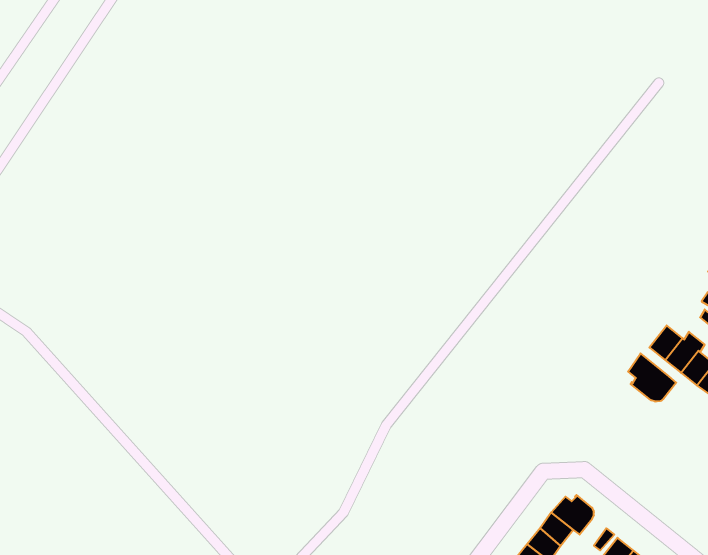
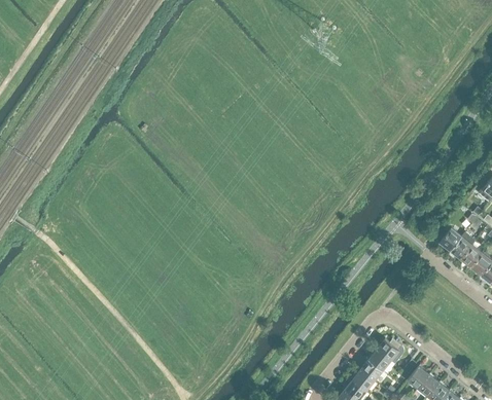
building: [628,353,676,402] -> none

